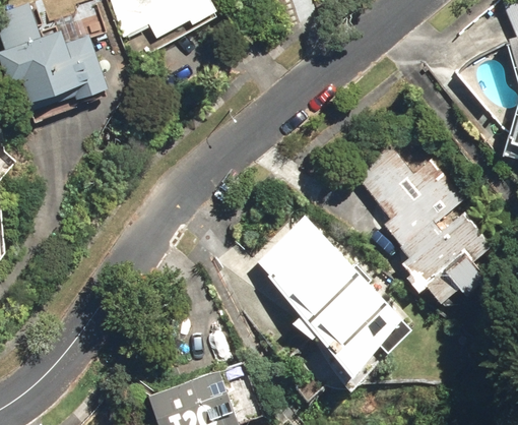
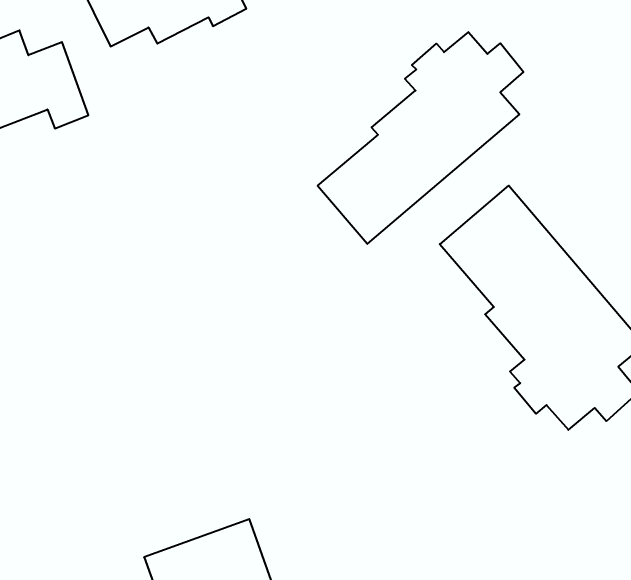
building: none -> [318,32,523,244]
building: [249,210,406,376] -> none

